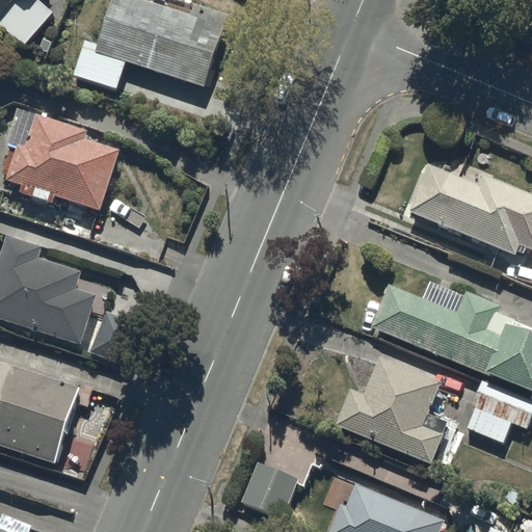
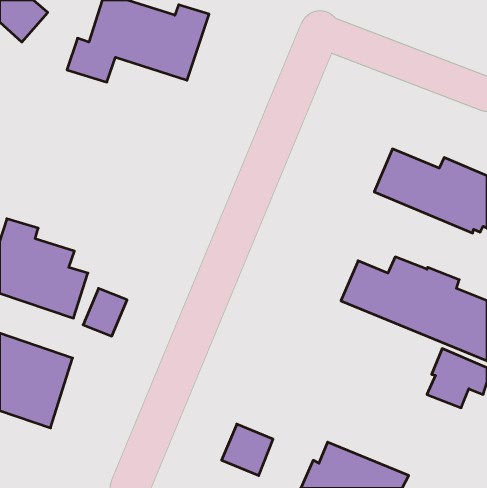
building: [6,115,119,212] -> none
building: [335,357,444,463] -> none

